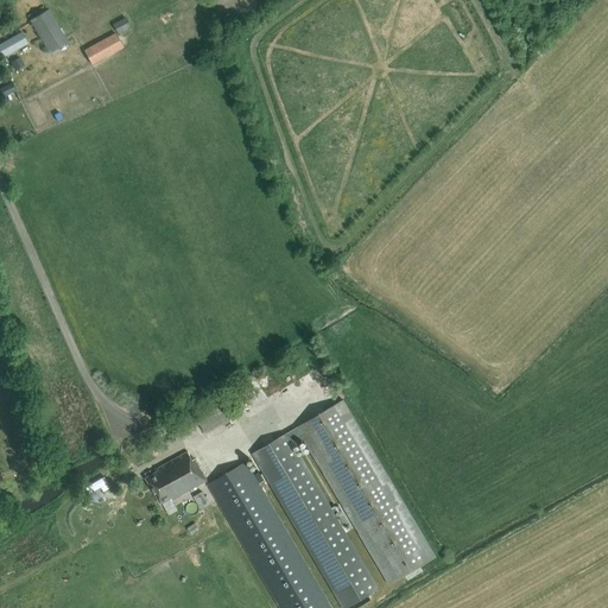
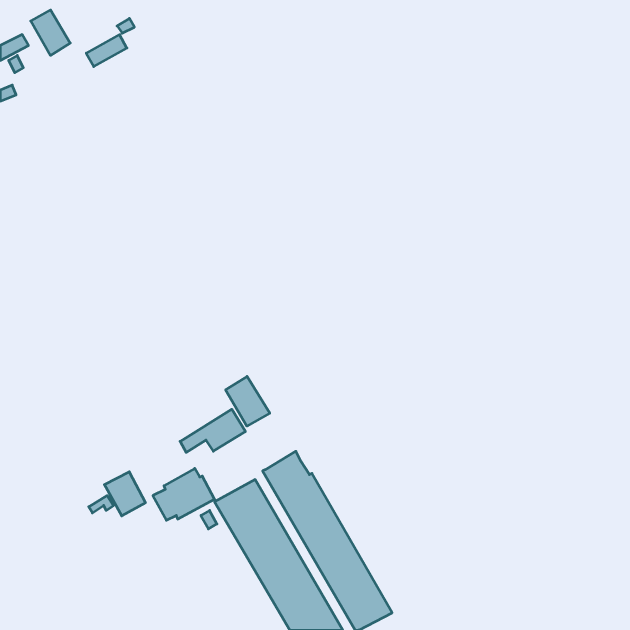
building: none -> [226,376,270,426]
building: [285,401,435,585] -> none
building: none -> [104,472,145,516]

